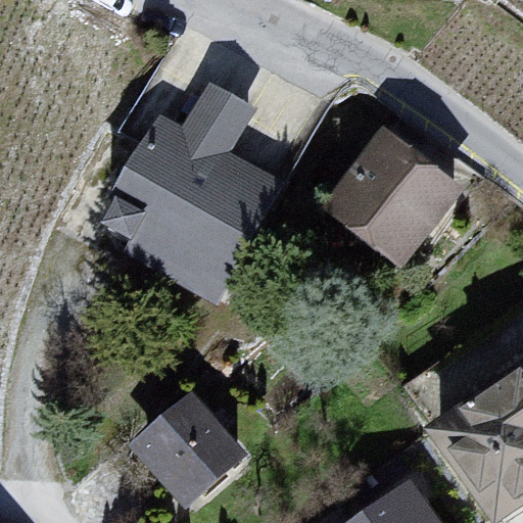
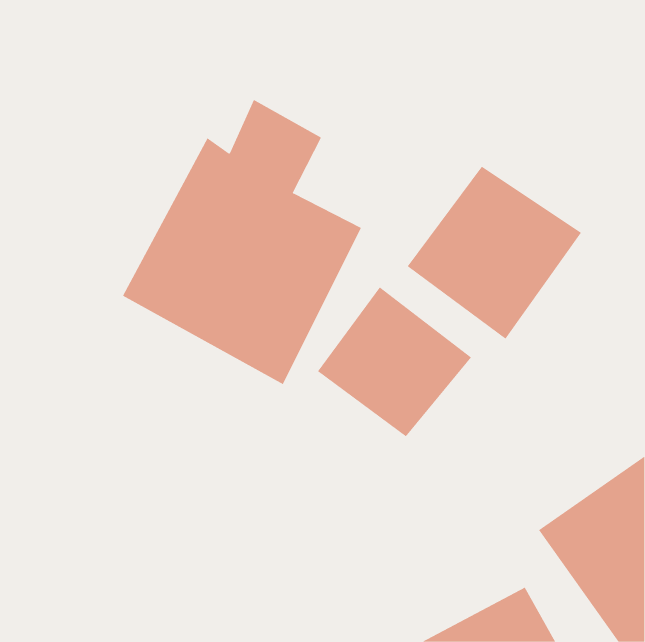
building: none -> [317,287,472,437]
building: [124,395,241,503] -> none

